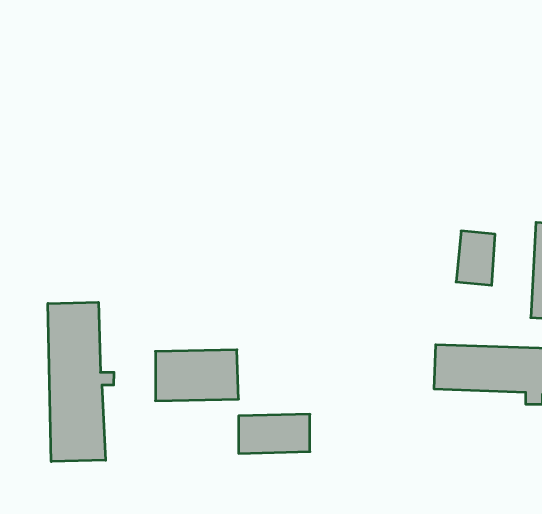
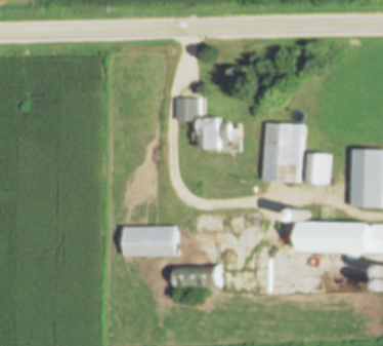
building: none -> [178,98,231,150]
building: none -> [263,123,301,183]
building: [48,302,114,462] -> none

